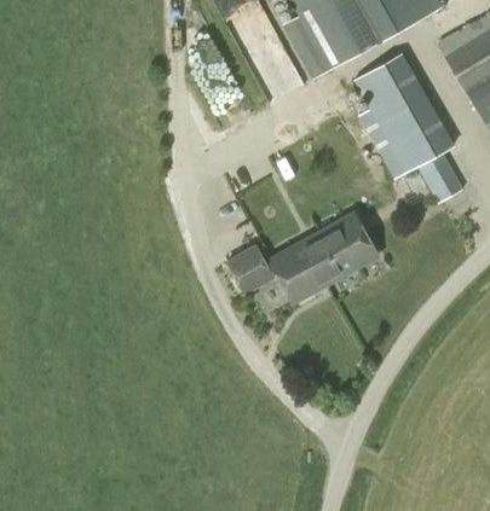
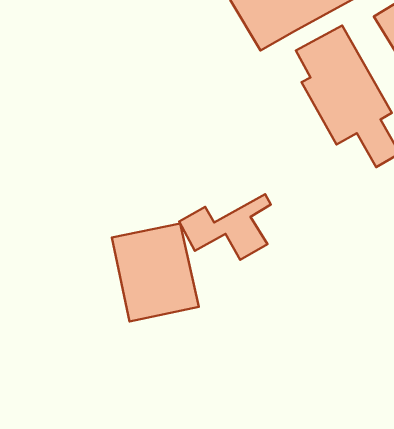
building: [304,213,377,285] -> none
building: none -> [112,224,199,321]

